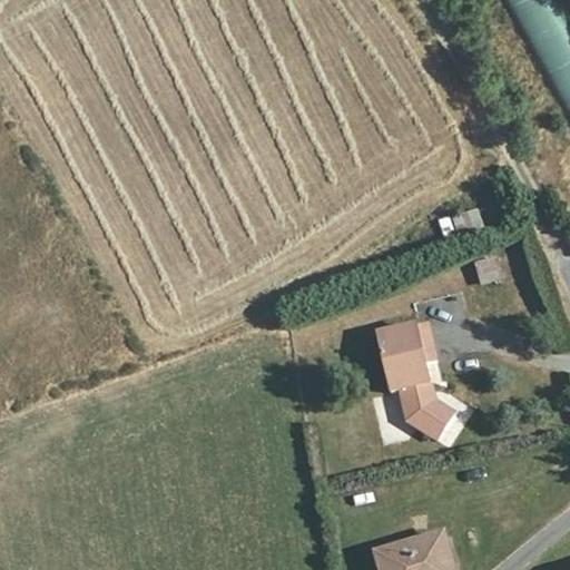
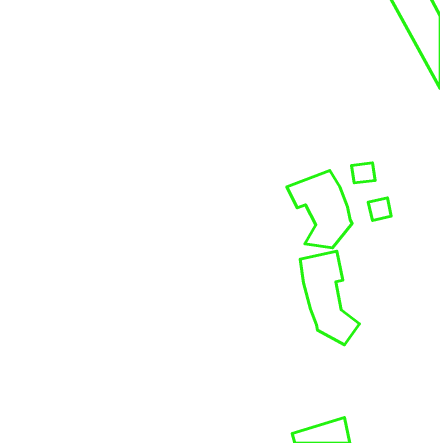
building: none -> [287,171,352,248]

